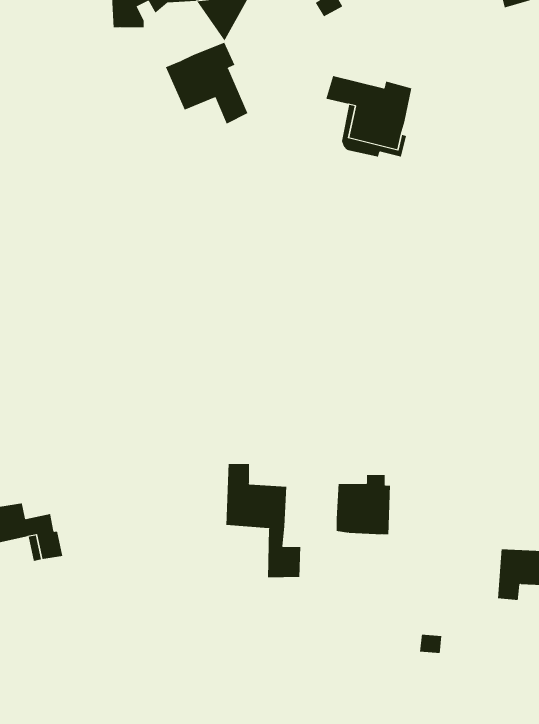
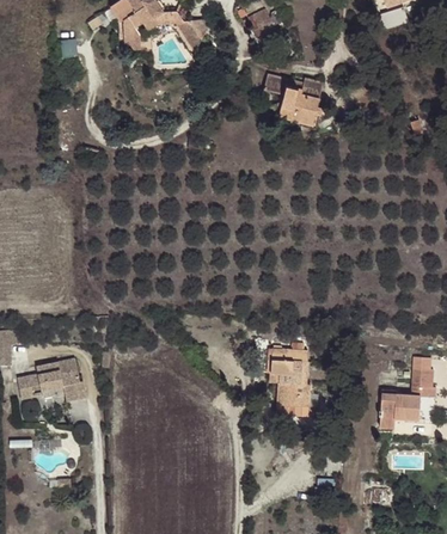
building: [165,42,248,124] -> none
building: [226,463,301,578] -> none
building: none -> [276,382,307,412]

